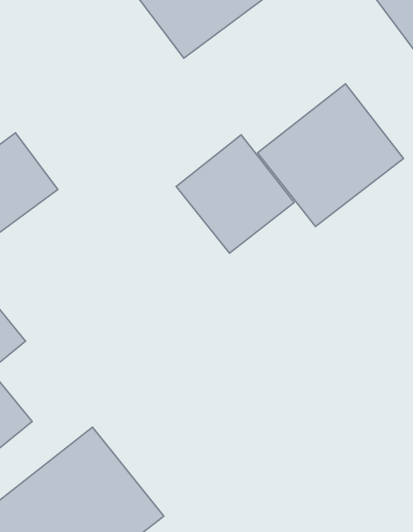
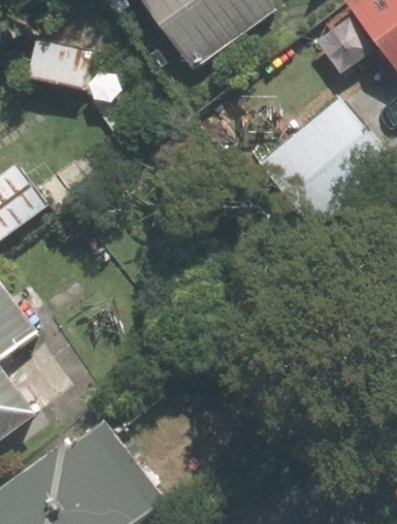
building: [176,135,294,253] -> none

